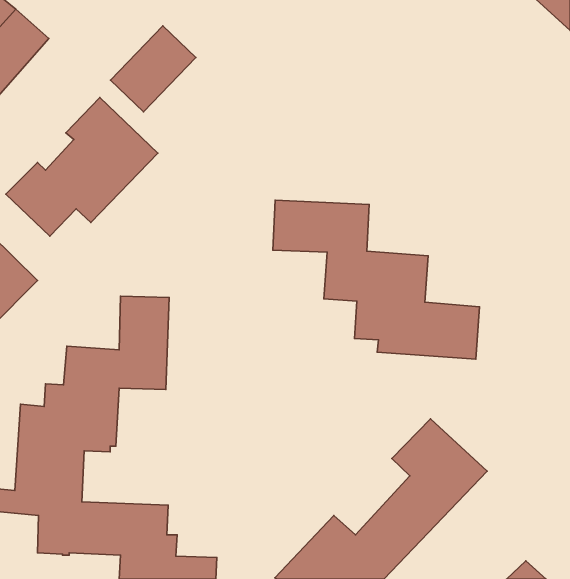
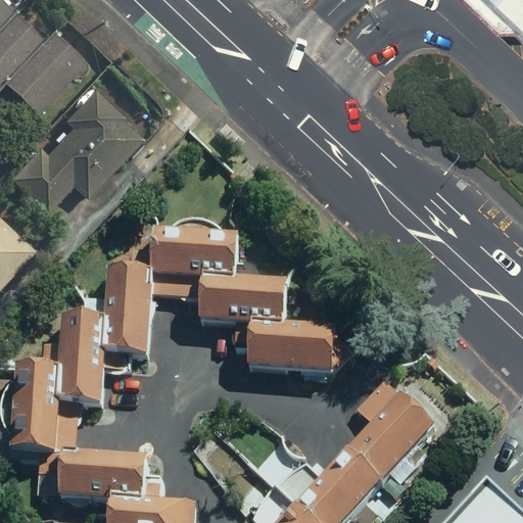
building: [111,26,196,112] -> [9,31,86,108]
building: [273,200,479,359] -> [153,230,339,373]

